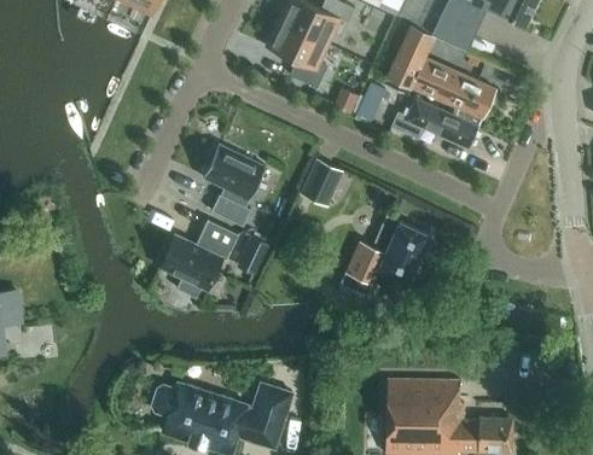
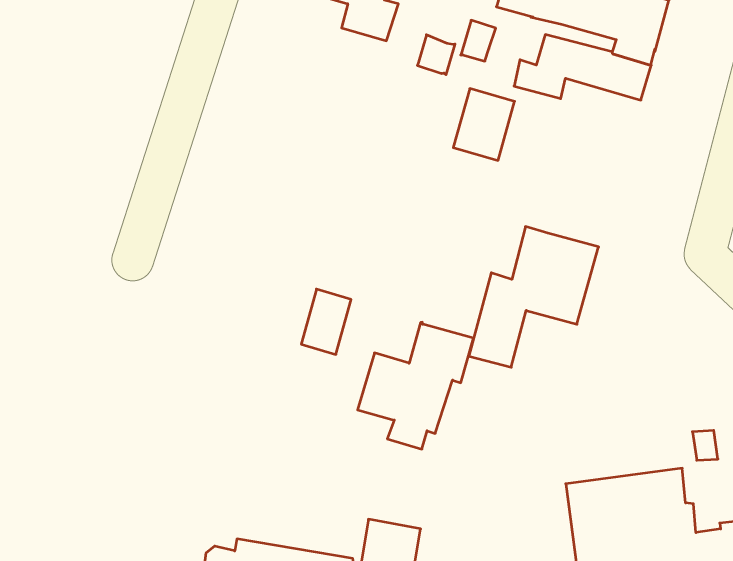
building: [204,141,267,222] -> none
building: [301,161,343,208] -> [453,89,515,160]
building: [159,220,238,298] -> [358,322,474,449]

